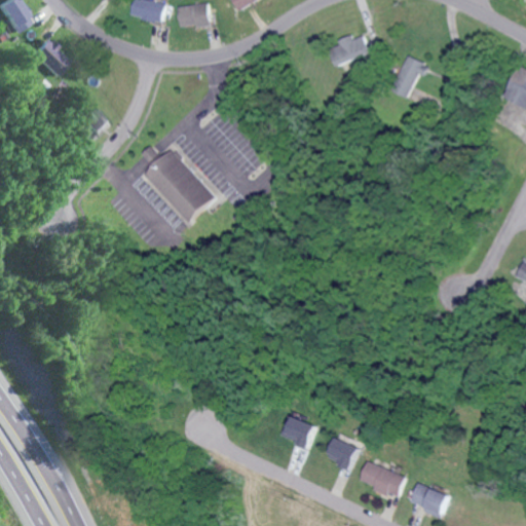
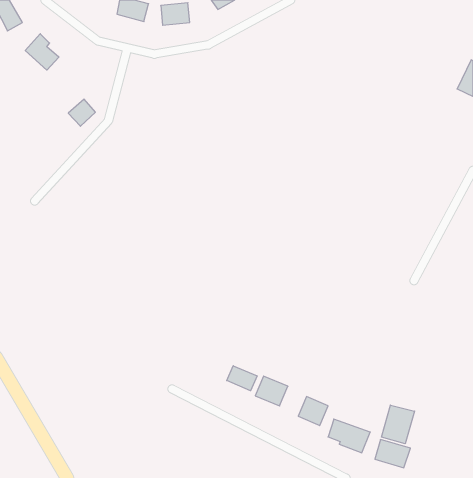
building: [327,36,368,66] -> none
building: [389,55,424,98] -> none
building: [144,150,215,223] -> none
building: none -> [227,366,257,391]
building: none -> [381,405,415,444]

